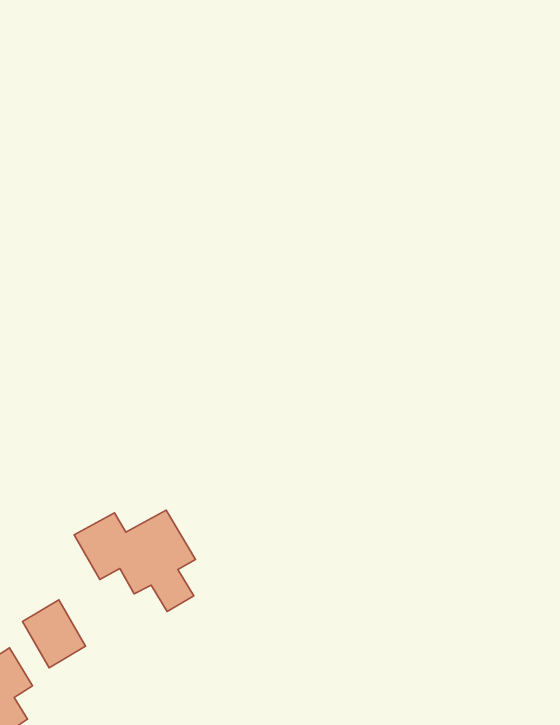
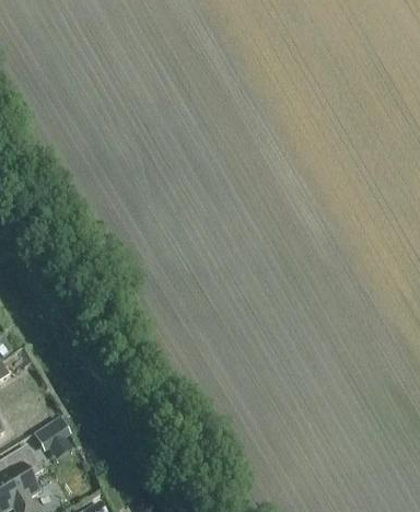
building: [74,510,196,611] -> none

